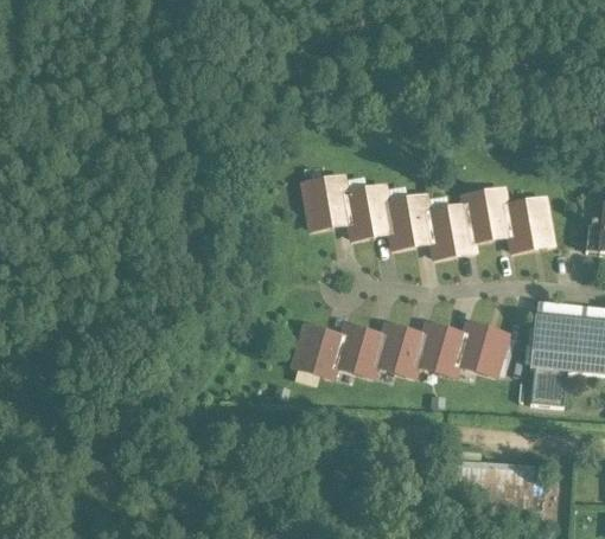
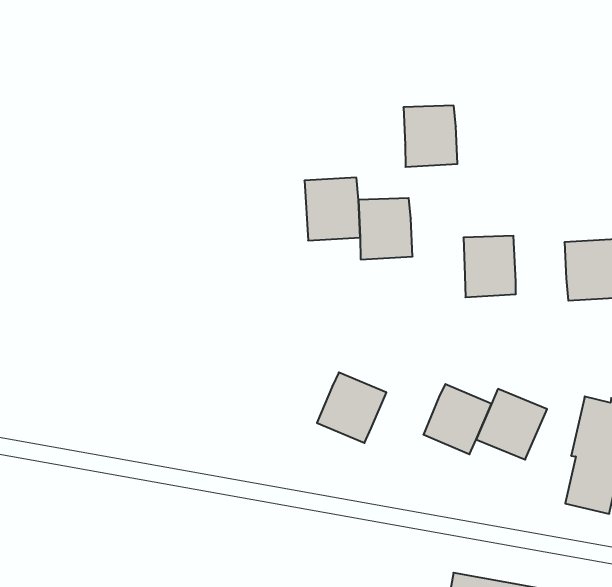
building: [464,188,510,239] -> none
building: [387,195,433,246] -> [403,106,457,167]
building: [376,323,425,374] -> none
building: [293,325,343,376] -> none

